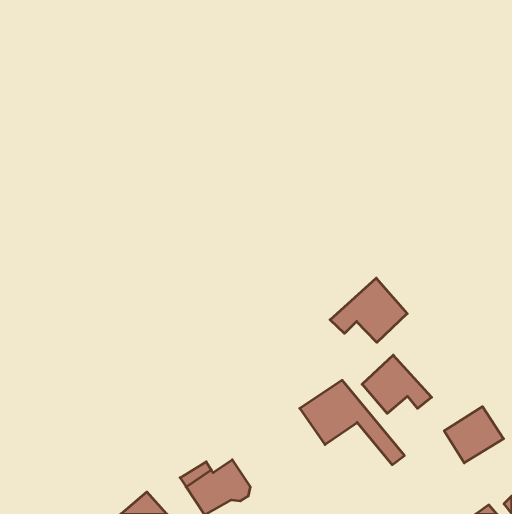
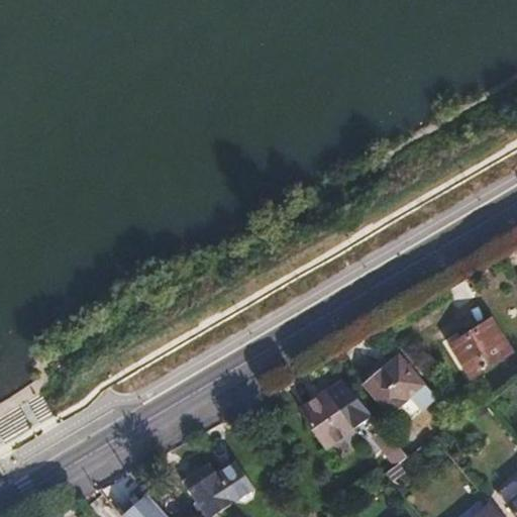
building: [330,278,407,342] -> none
building: [444,407,504,463] -> [450,321,510,378]

